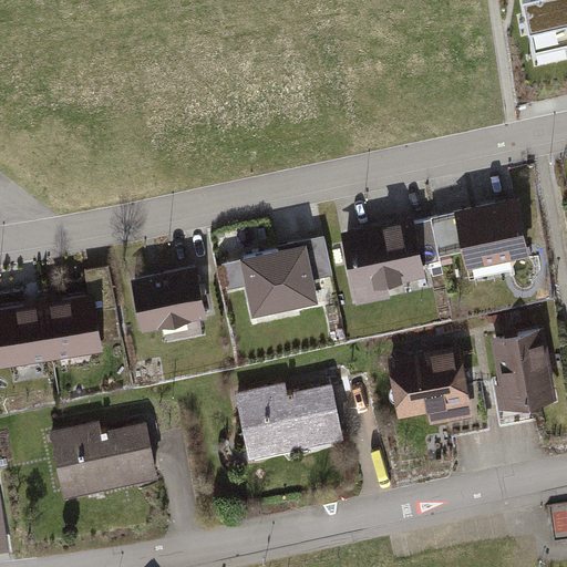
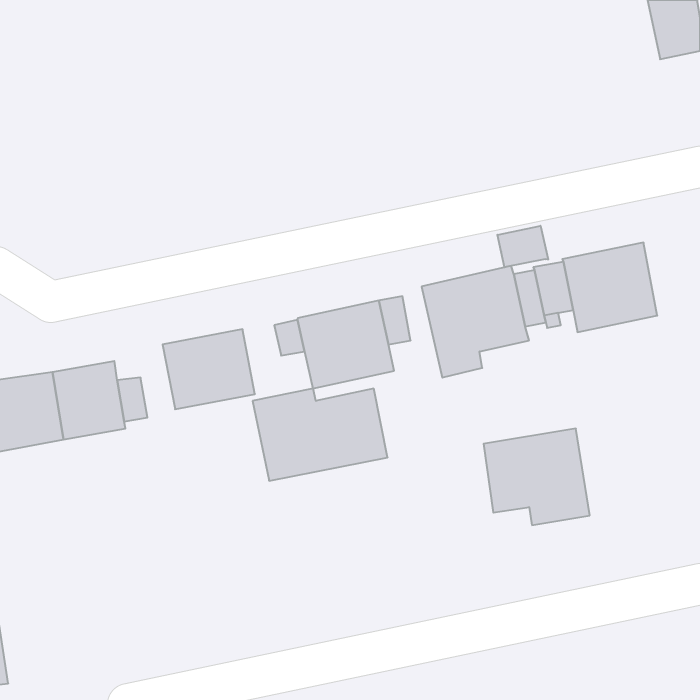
building: none -> [497,226,548,267]
building: [489,330,556,411] -> none
building: [234,384,342,458] -> [253,389,388,481]
building: [48,423,156,498] -> none

